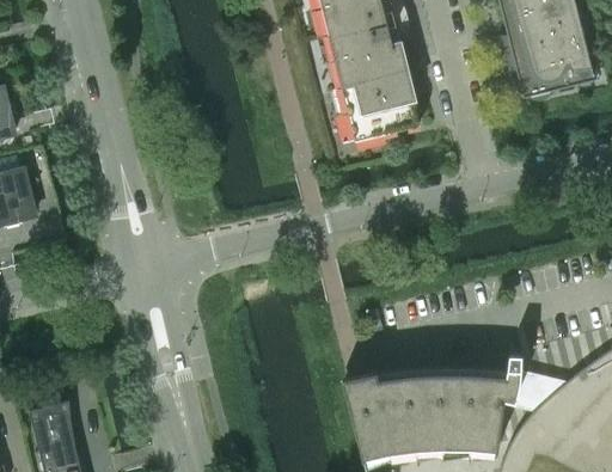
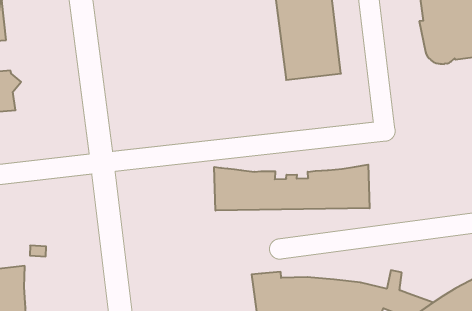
building: none -> [214,165,370,211]

